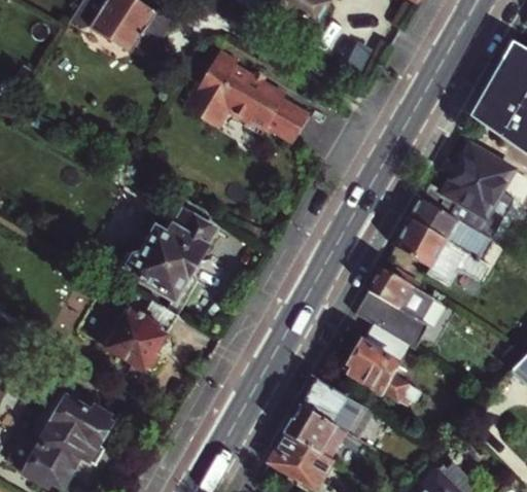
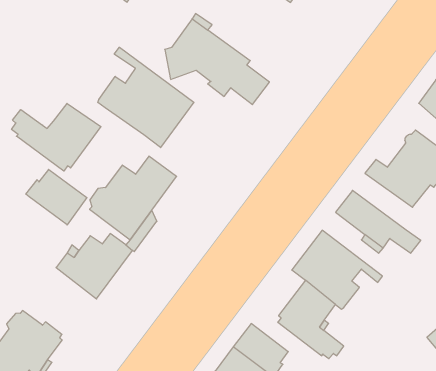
building: none -> [98,47,194,148]
building: none -> [12,103,101,171]
building: [411,199,487,255] -> none
building: none -> [26,169,87,225]

